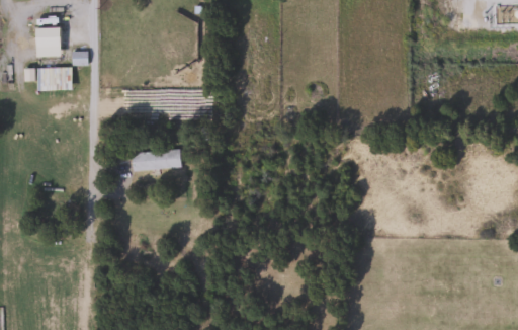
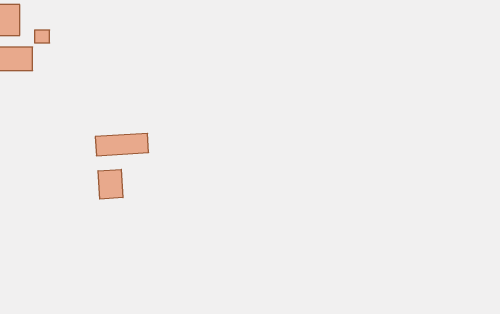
building: none -> [98,169,123,199]

